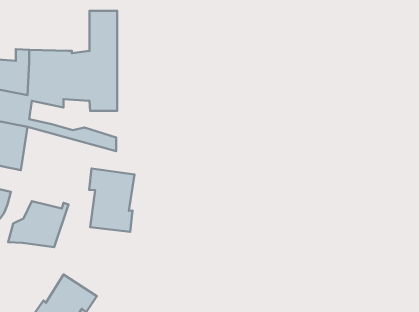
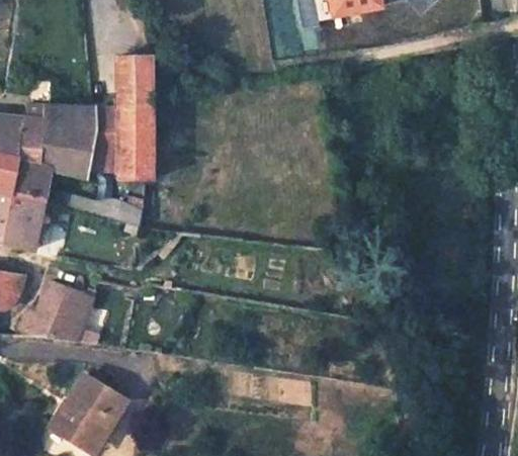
building: [89,169,134,232] -> none

